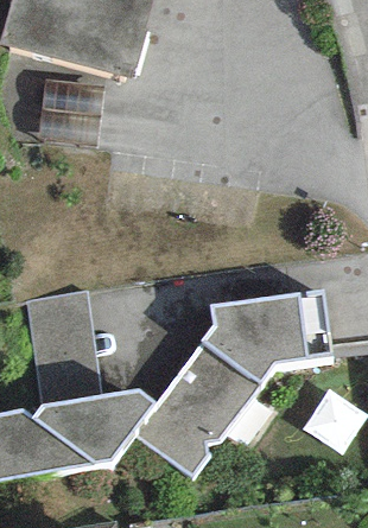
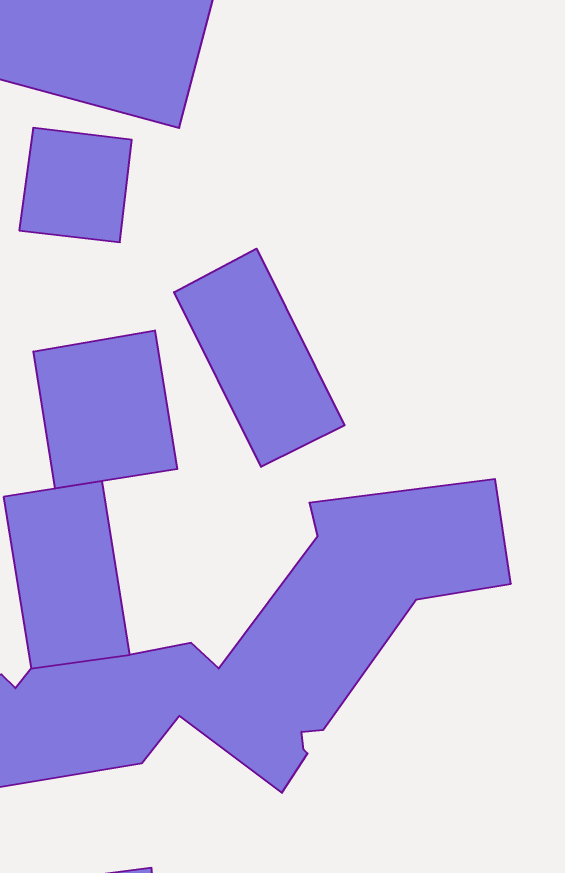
building: none -> [174,249,345,467]
building: none -> [33,330,177,489]

